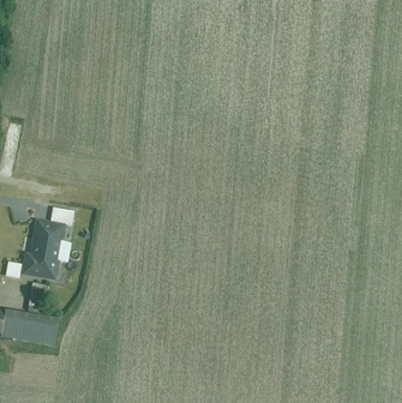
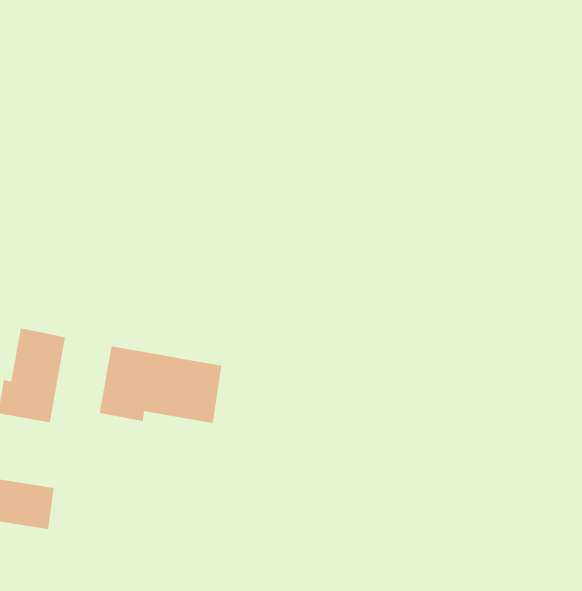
building: none -> [99,345,222,424]

